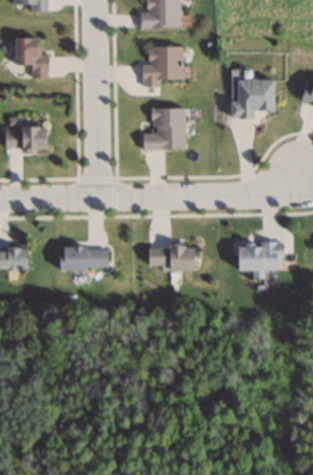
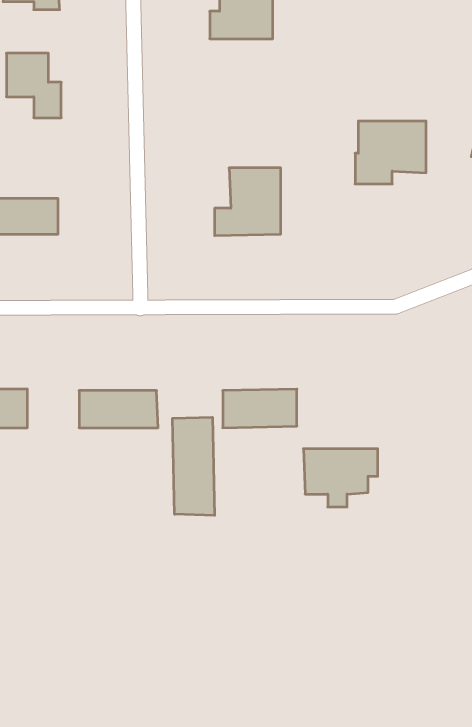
building: [142,47,183,86] -> none
building: [238,242,284,278] -> [303,449,378,507]
building: none -> [173,417,215,515]

